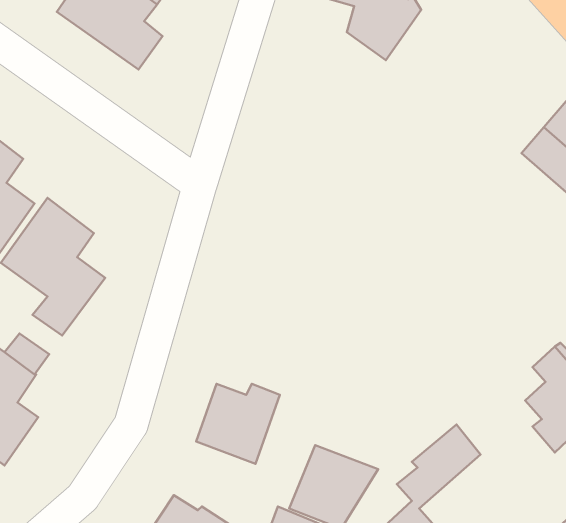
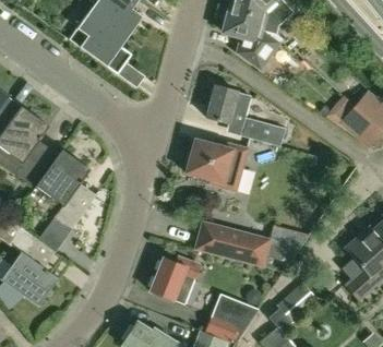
building: none -> [205,86,284,145]
building: none -> [183,140,247,191]
building: none -> [194,222,308,271]

